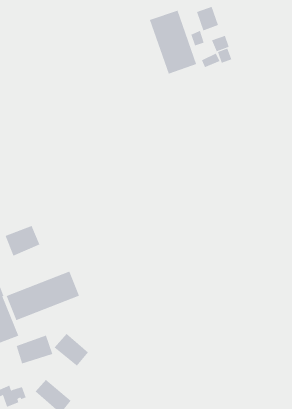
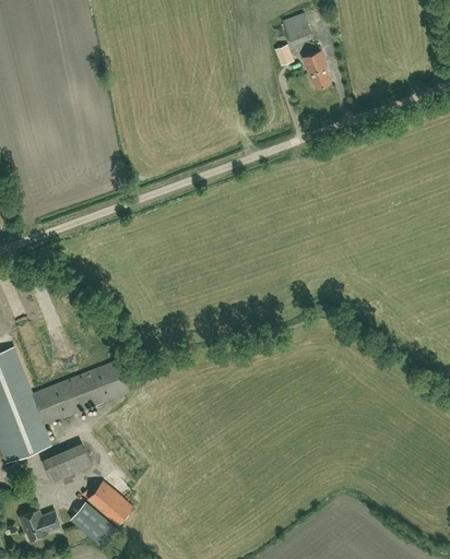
building: [149,10,197,74] -> none
building: [5,225,40,257] -> none
building: [54,333,89,367] -> [86,481,132,525]

